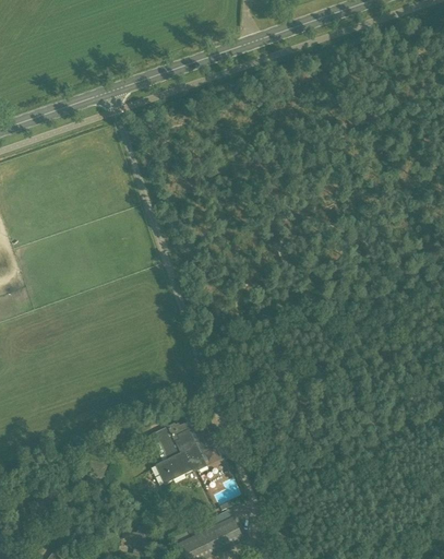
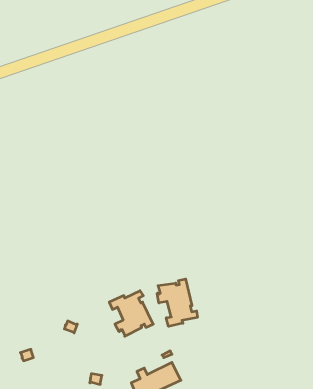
building: none -> [157,279,197,326]

